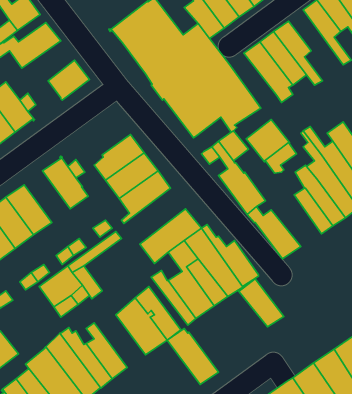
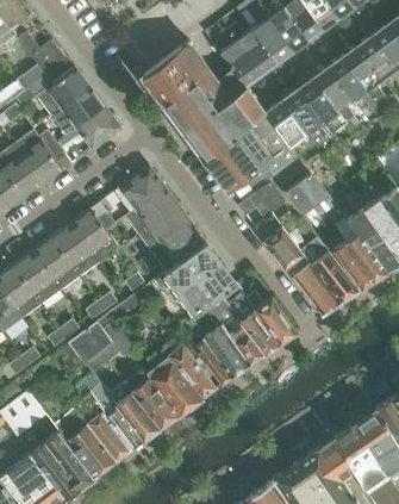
building: none -> [328,55,385,118]
building: none -> [50,87,105,137]
building: none -> [266,100,316,150]
building: none -> [119,166,163,206]
building: none -> [52,223,100,276]
building: none -> [156,241,220,299]
building: [238,279,284,327] -> [310,251,357,301]
building: [167,329,219,385] -> [125,369,179,428]

